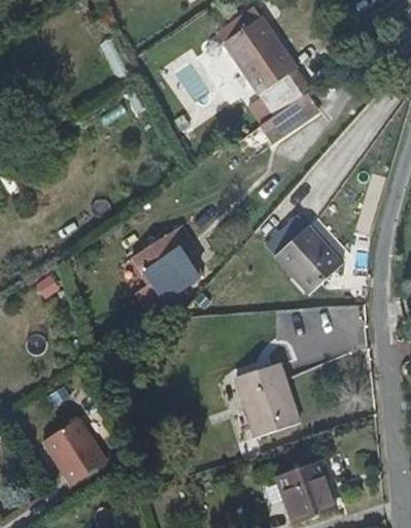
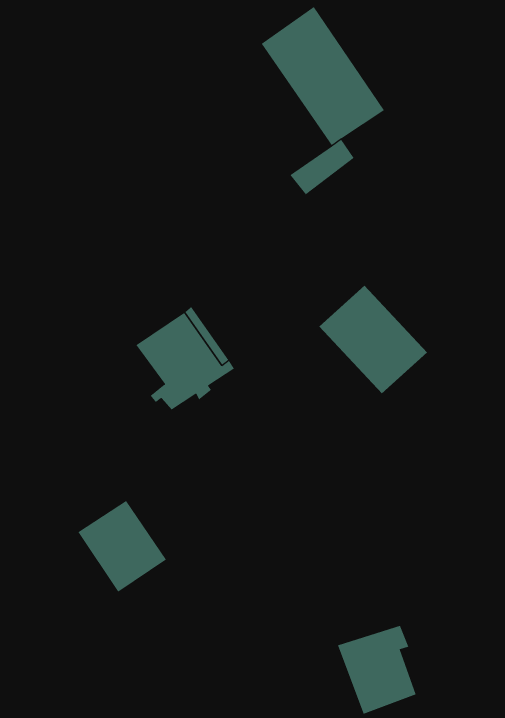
building: [234,363,299,436] -> none
building: [44,418,108,484] -> [78,500,167,593]

